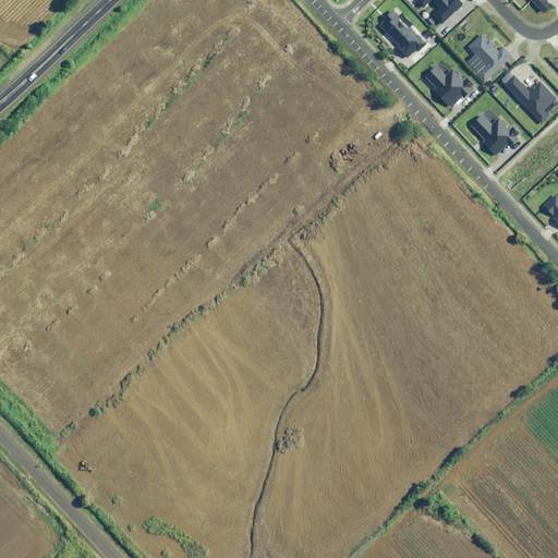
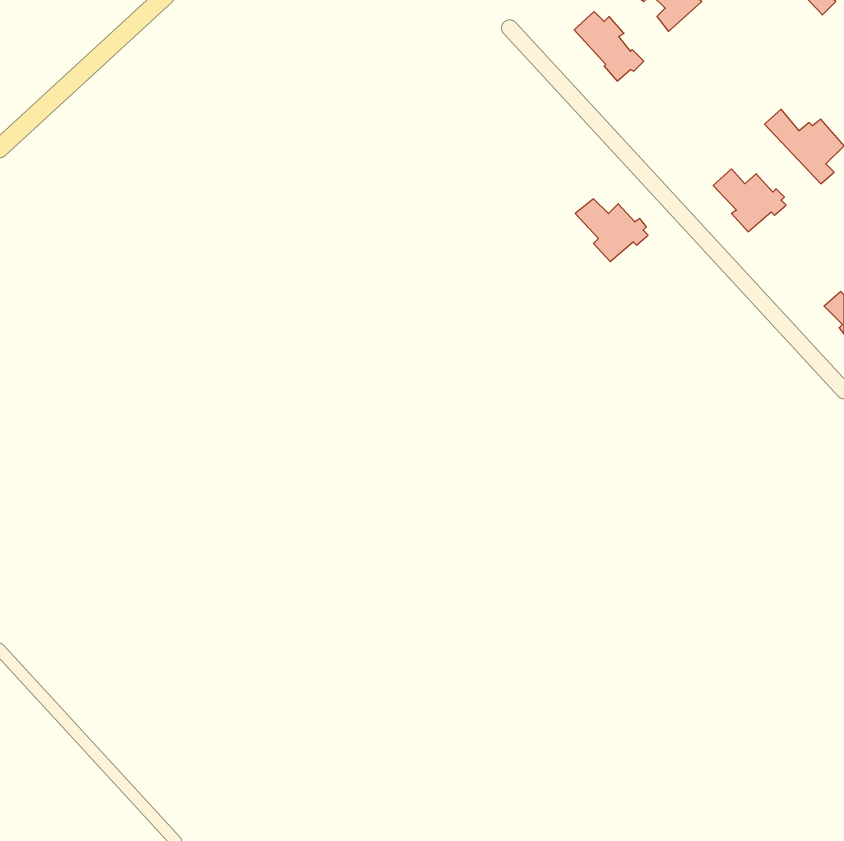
building: [468,31,512,81] -> none
building: [423,62,471,104] -> [575,199,648,262]

